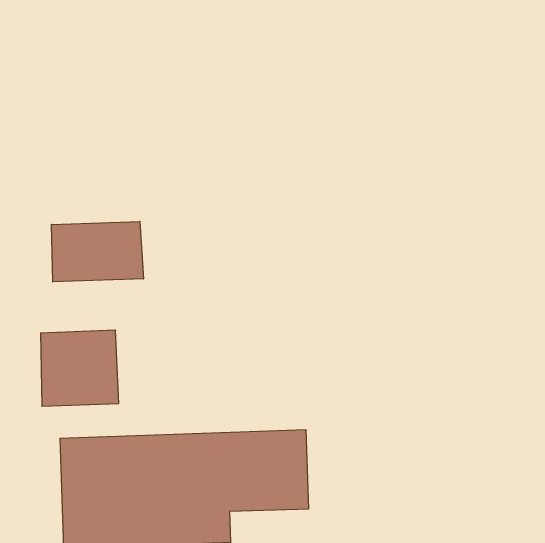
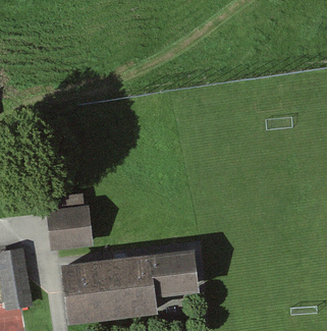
building: [51,221,143,282] -> none

